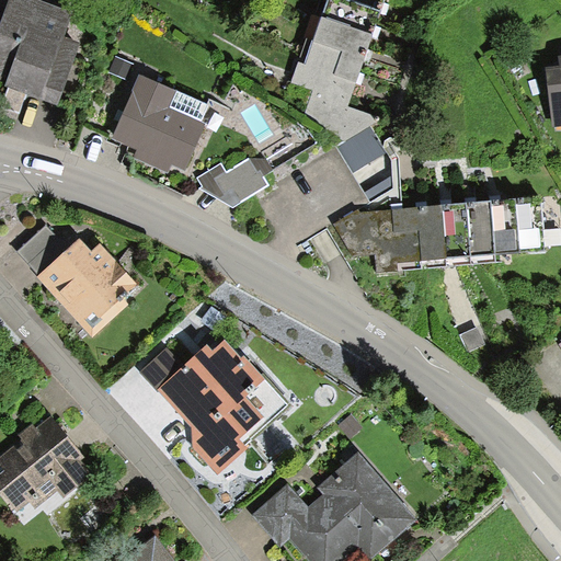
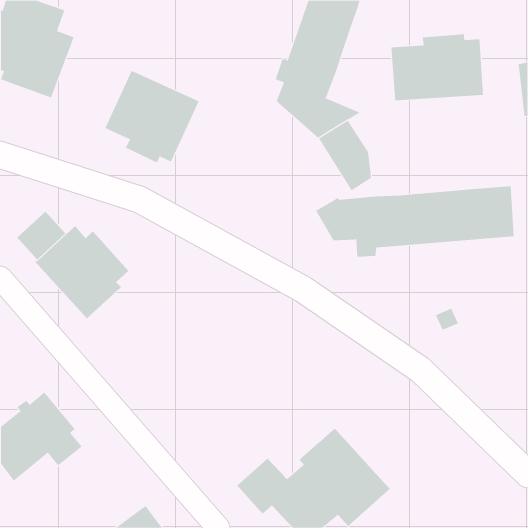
building: none -> [391,34,483,101]
building: [197,158,273,209] -> none
building: [140,340,289,476] -> none

